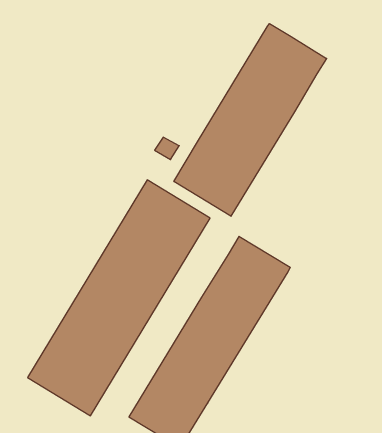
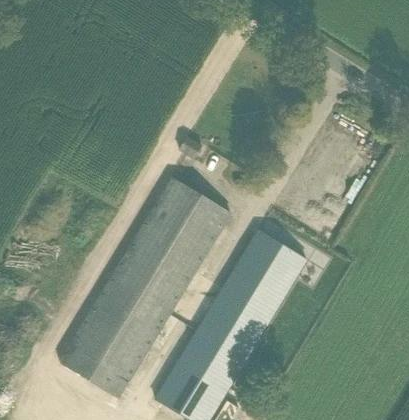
building: [174,24,327,216] -> none

